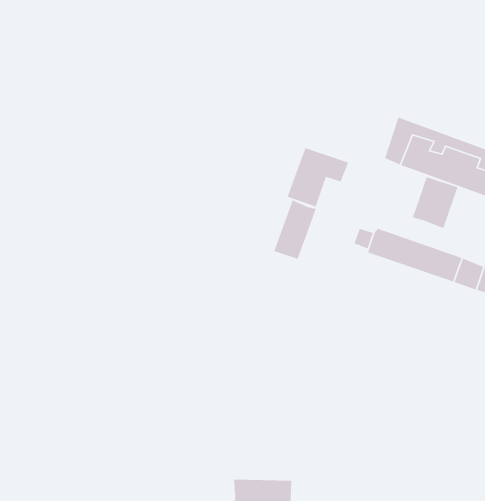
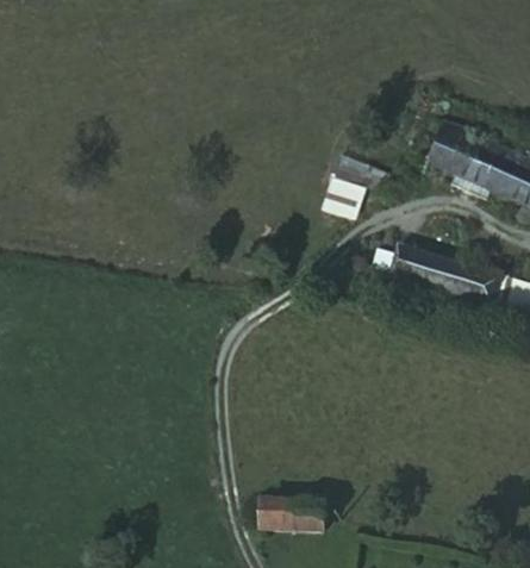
building: [412,176,459,229] -> none
building: [273,199,317,260] -> none

